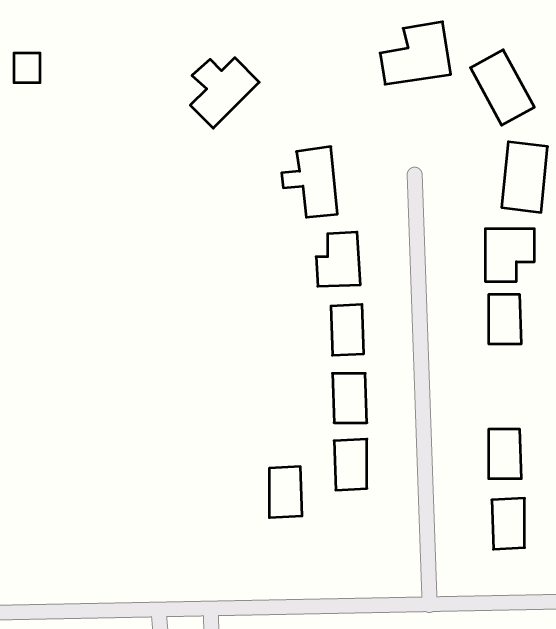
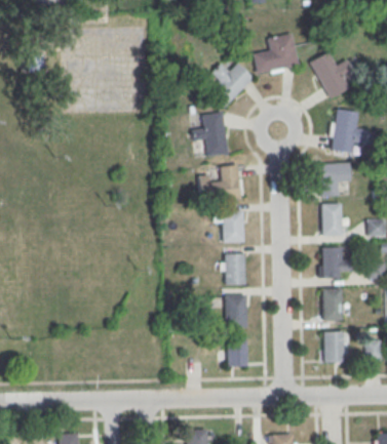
building: [190,58,259,128] -> [210,63,254,107]
building: none -> [322,247,343,279]
building: [269,467,302,518] -> [228,335,248,367]

